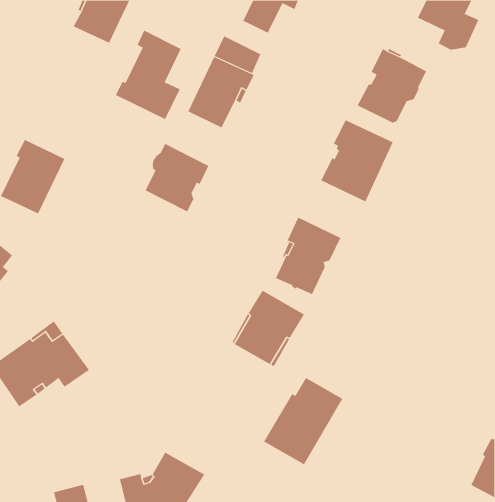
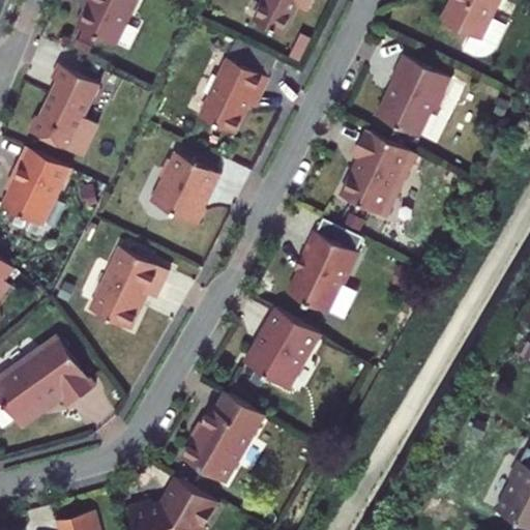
building: [115,30,181,120] -> [28,65,97,159]
building: none -> [86,249,168,332]
building: [263,377,343,465] -> [178,390,262,482]

